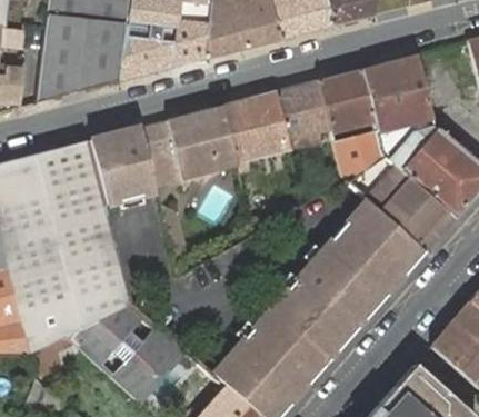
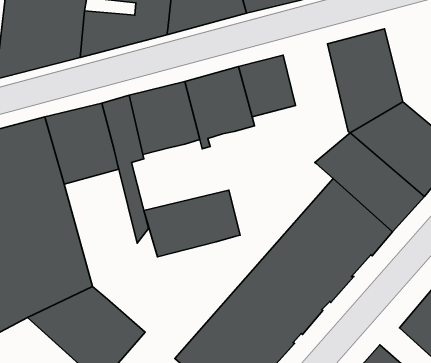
building: [317,69,382,185] -> none
building: none -> [144,190,240,257]

